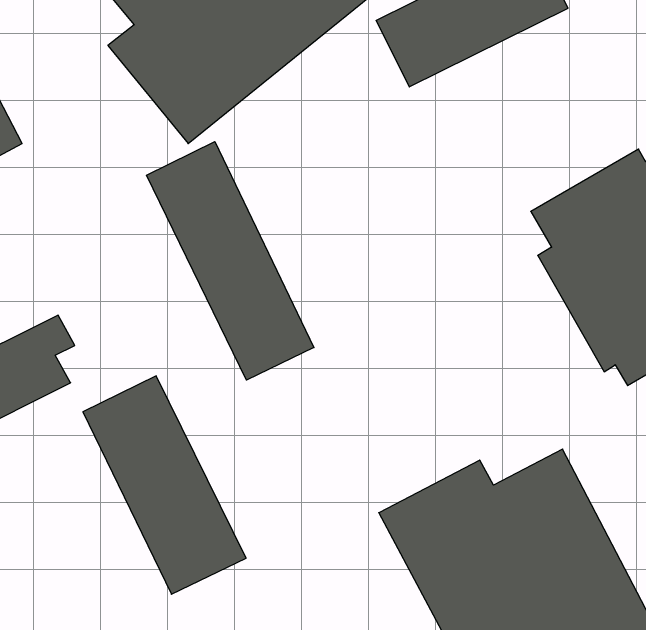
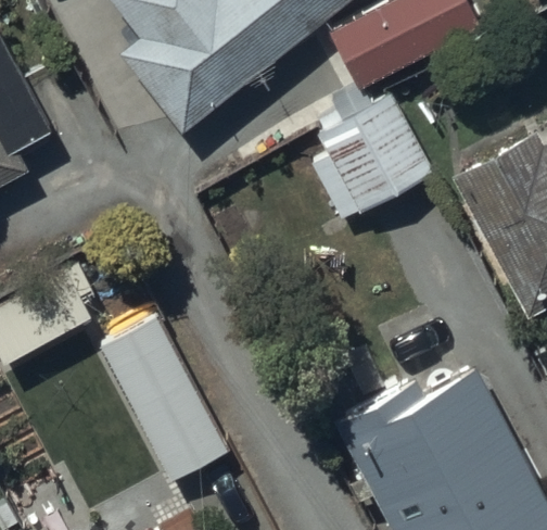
building: none -> [315,88,435,218]
building: [147,142,314,380] -> none

